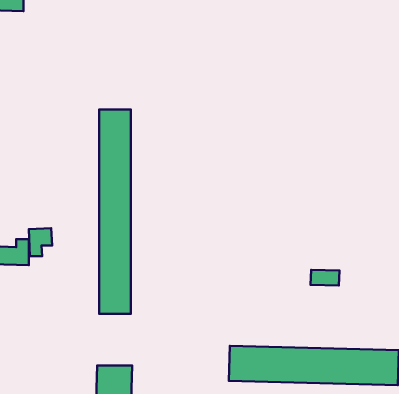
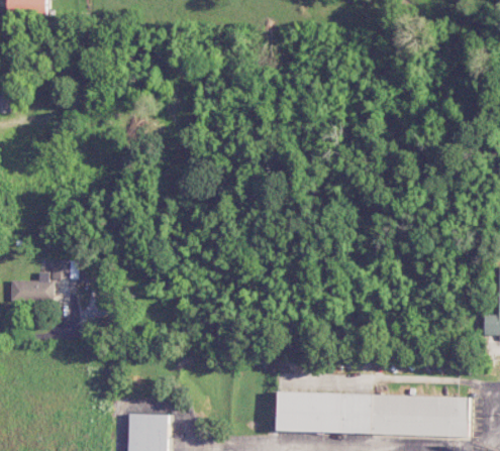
building: [99,109,131,314] -> none
building: [310,270,340,286] -> none

